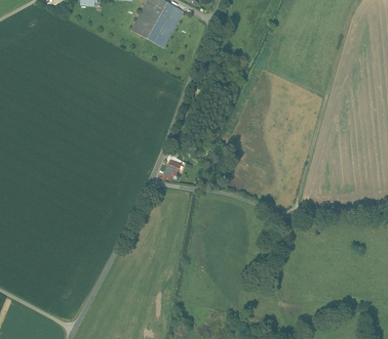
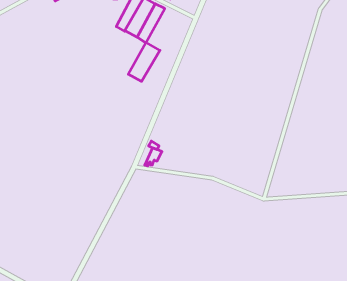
building: none -> [128,42,160,81]

